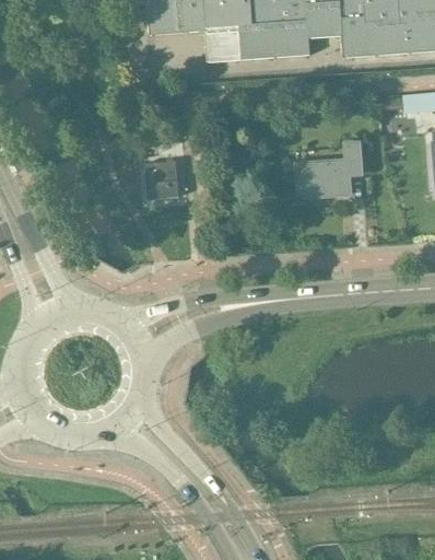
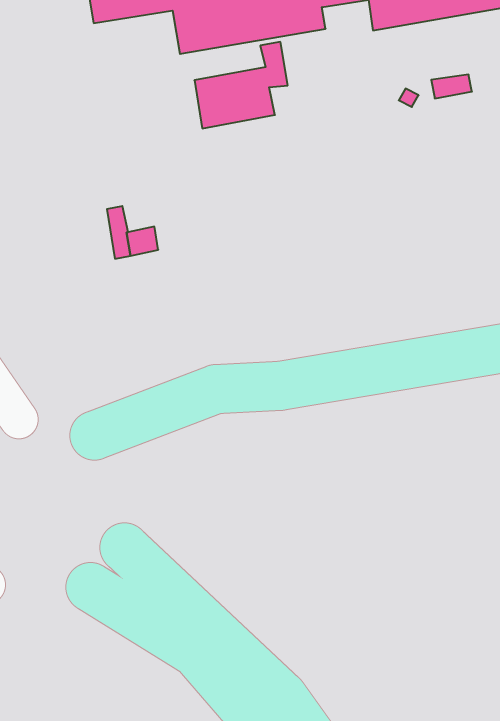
building: [296,142,361,197] -> [194,42,288,128]

